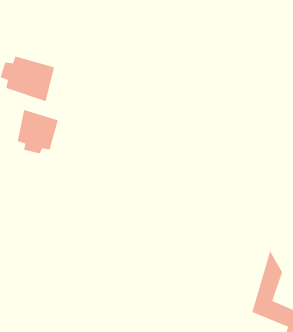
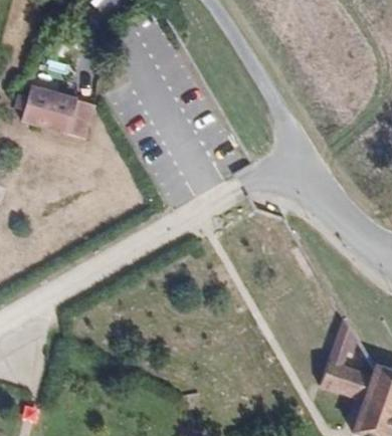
building: [17,109,59,154] -> none

